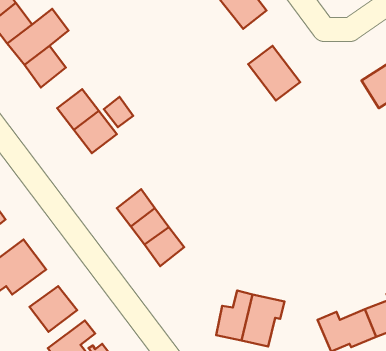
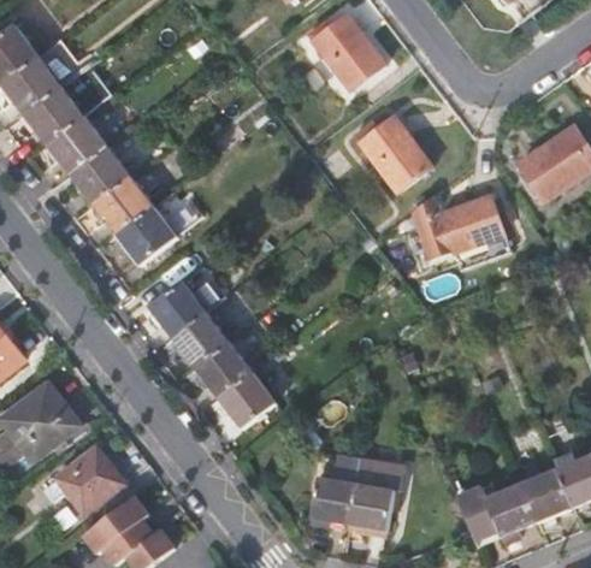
building: none -> [70,146,128,202]
building: none -> [414,189,503,255]
building: none -> [152,271,229,342]

